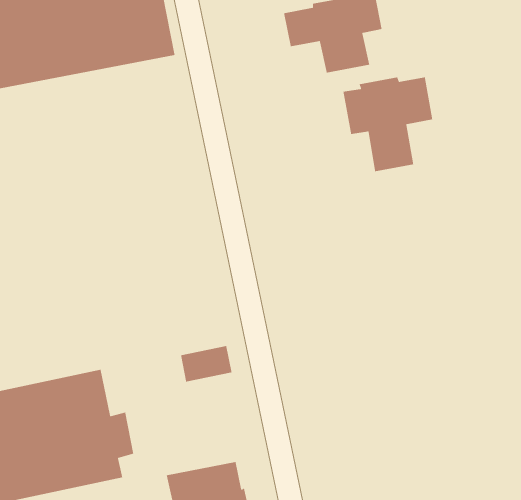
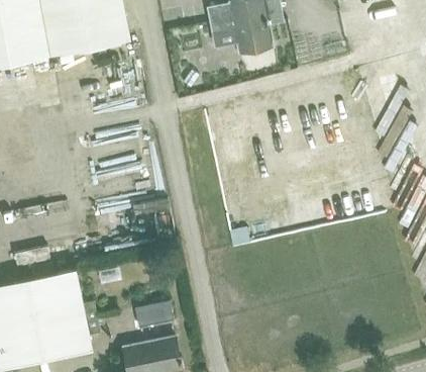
building: [343,76,433,172] -> none
building: [180,345,232,383] -> [135,302,174,330]

